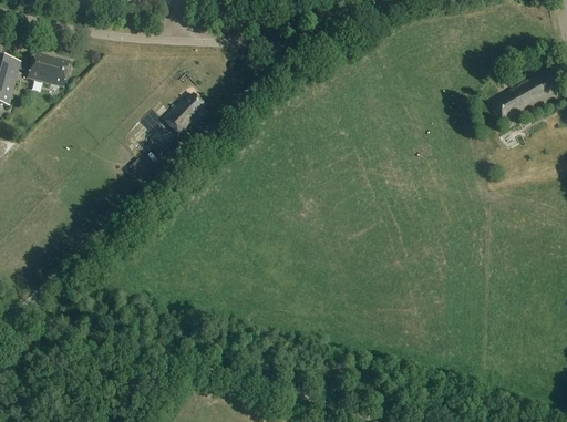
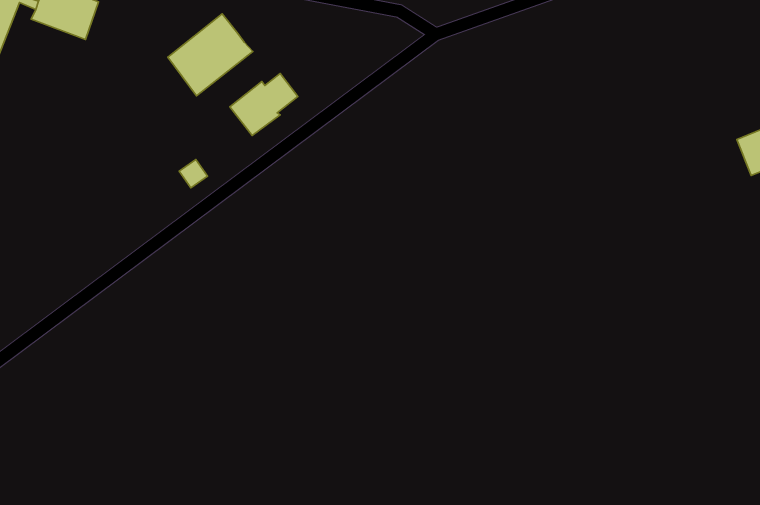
building: none -> [168,14,253,96]

